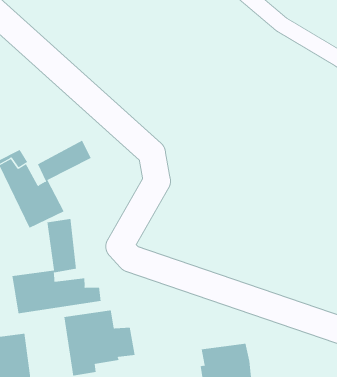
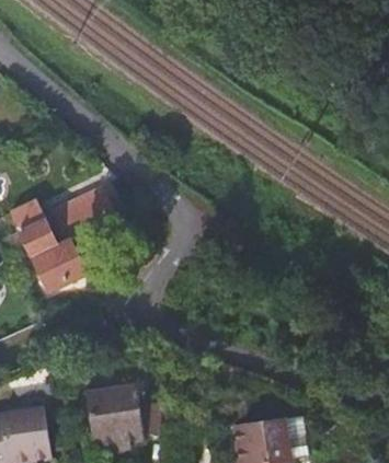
building: [12,218,101,314] -> none

